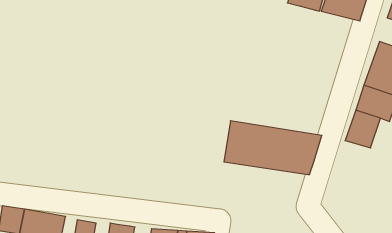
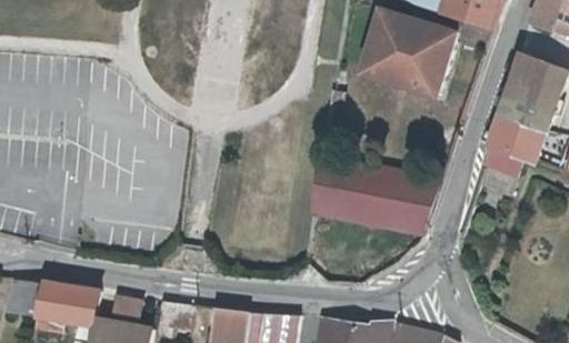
building: none -> [362,9,458,98]

